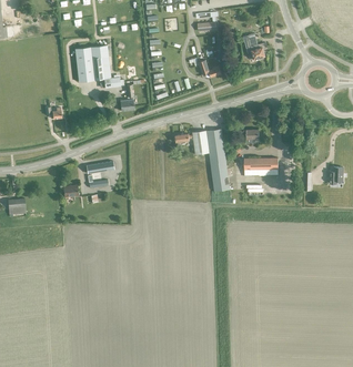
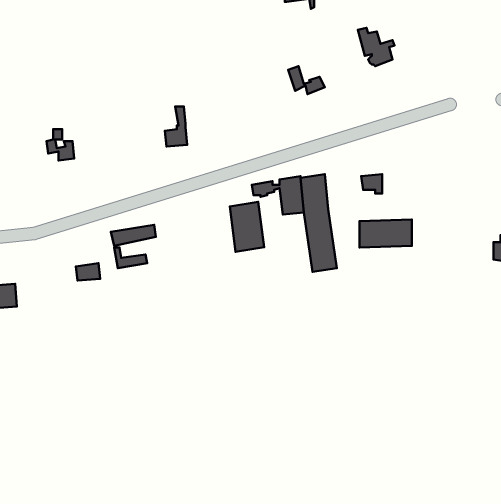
building: [74,45,123,89] -> none
building: none -> [230,202,264,252]

